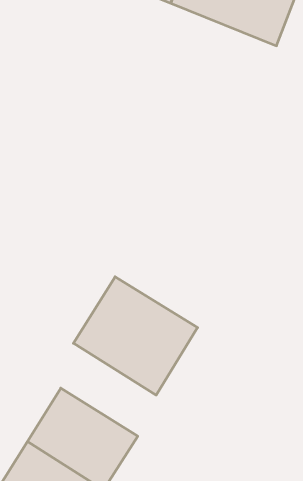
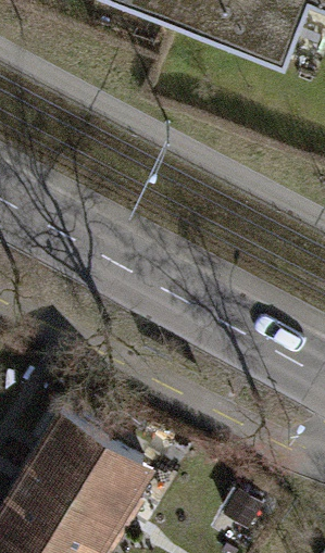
building: [73,277,198,395] -> none

